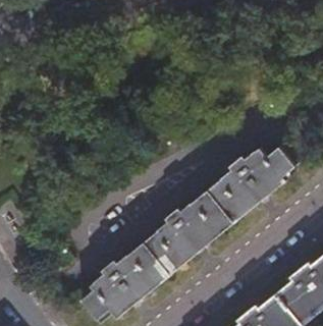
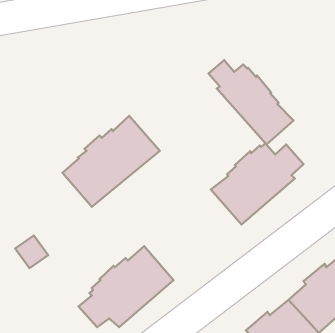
building: none -> [209,60,294,145]
building: [142,191,232,275] -> [63,116,160,207]

